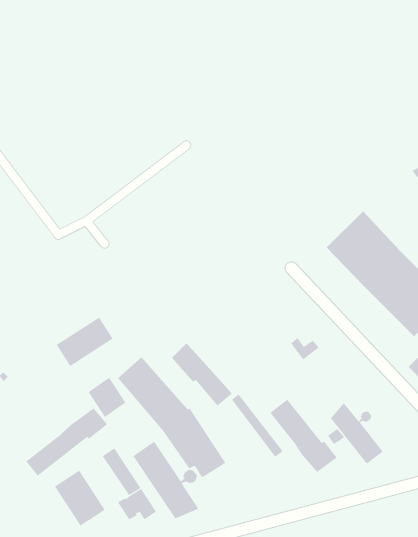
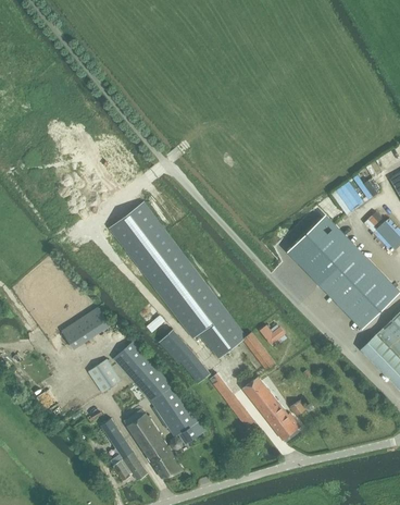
building: none -> [108,200,274,370]
building: [330,402,384,465] -> none
building: [25,407,108,477] -> none
building: [54,470,105,526] -> none

